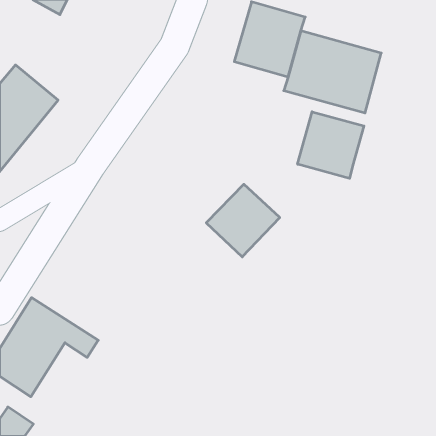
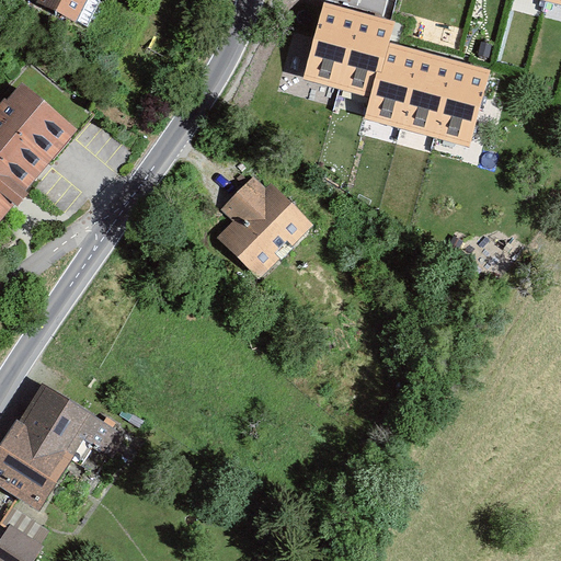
building: [298,112,364,178] -> none
building: [206,184,280,257] -> [215,179,309,272]

